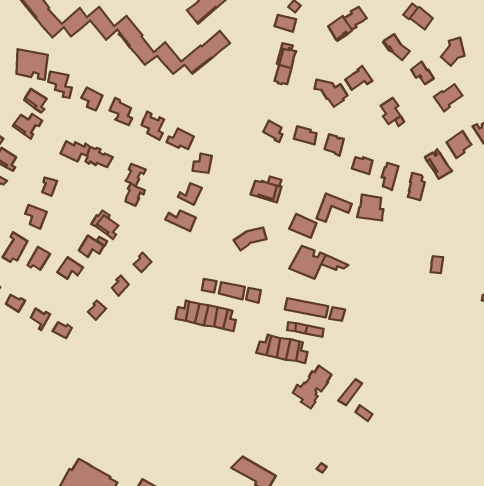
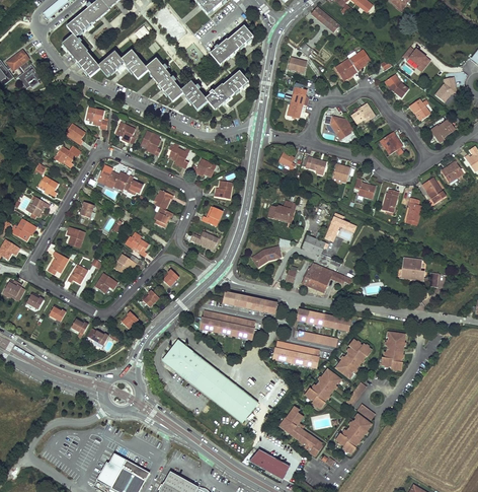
building: [16,49,48,80] -> none
building: [357,194,383,221] -> [399,257,422,280]
building: none -> [380,332,403,369]
building: none -> [335,339,371,376]
building: none -> [161,343,257,422]
building: none -> [278,406,322,455]
building: none -> [334,414,370,452]

